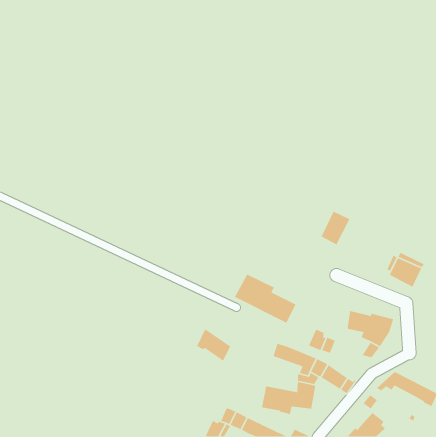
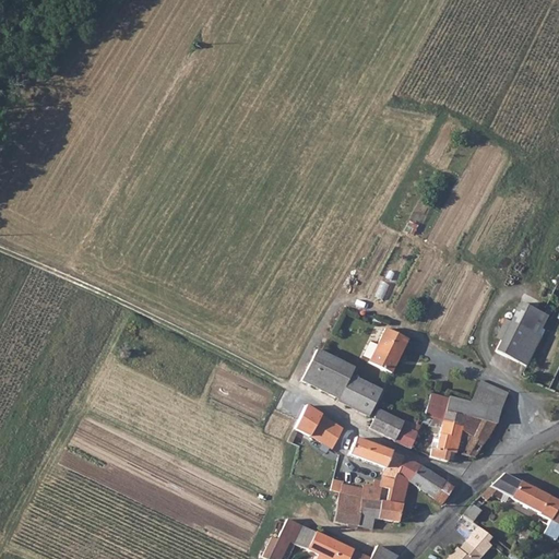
building: [320,210,350,246] -> [369,328,407,372]
building: none -> [512,301,546,333]
building: none -> [475,381,511,406]
building: none -> [368,408,404,439]
building: none -> [423,415,464,461]
building: [196,328,231,362] -> [297,405,342,448]
building: none -> [341,475,381,499]

